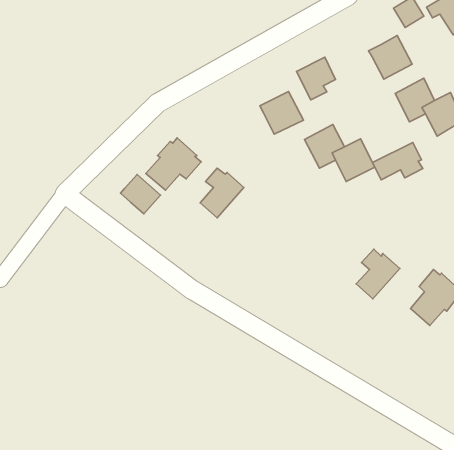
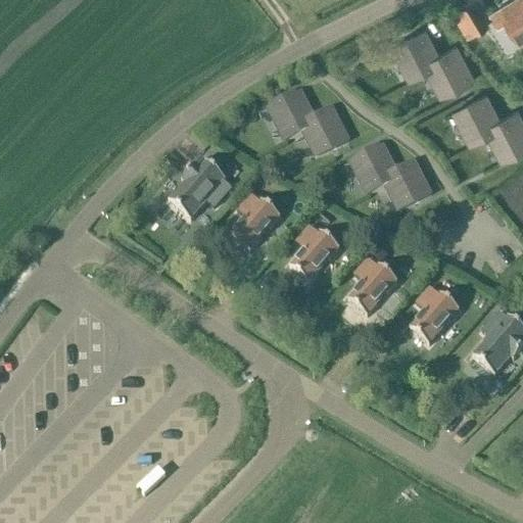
building: [296,57,336,100] -> [393,26,438,75]
building: none -> [268,89,314,139]
building: [372,142,423,180] -> none
building: [120,174,160,214] -> none
building: none -> [290,225,340,282]
building: none -> [348,257,398,315]

